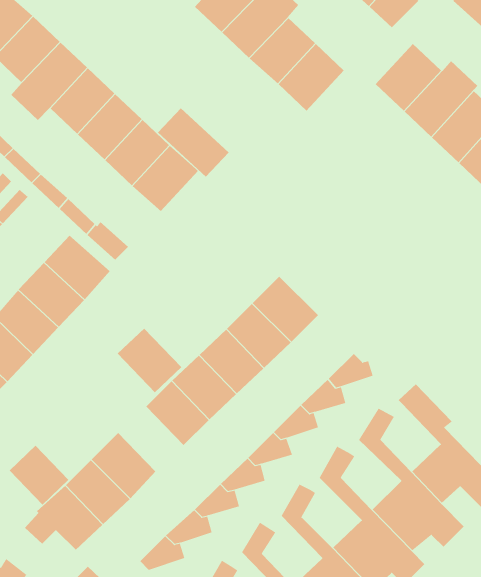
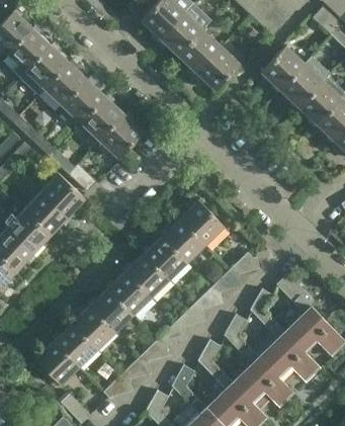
building: [157,108,230,178] -> none
building: [117,328,182,393] -> [89,287,133,331]
building: [9,445,69,505] -> none

